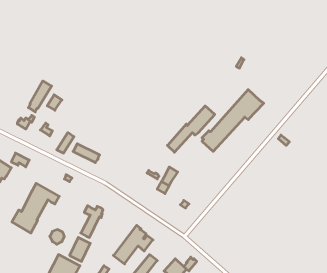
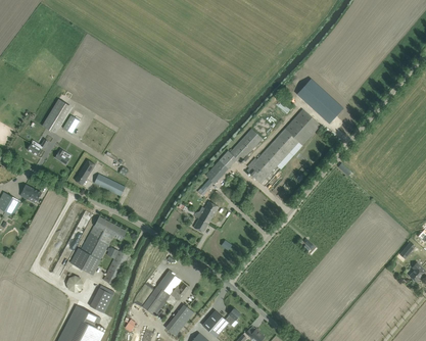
building: none -> [296,79,342,124]
building: [12,183,59,233] -> [69,216,126,276]

